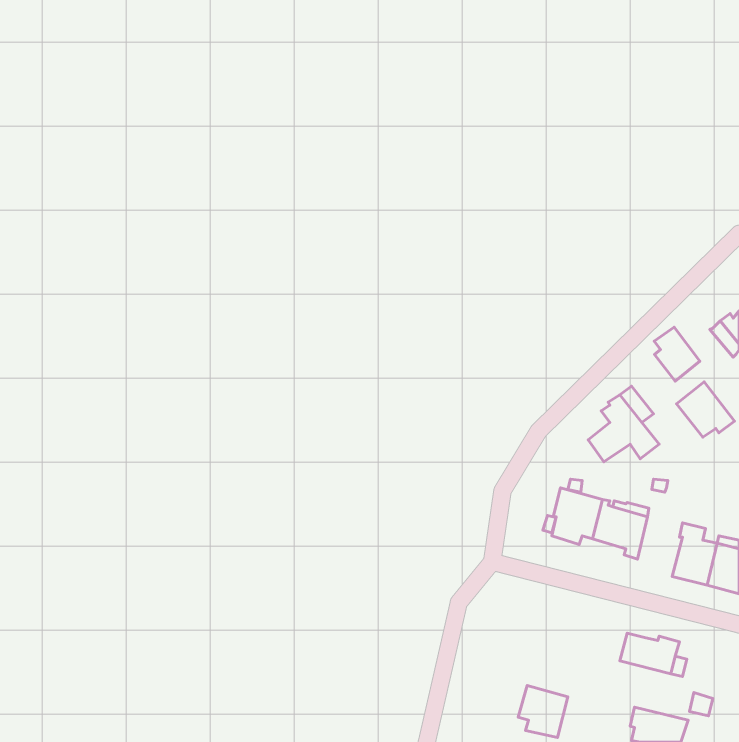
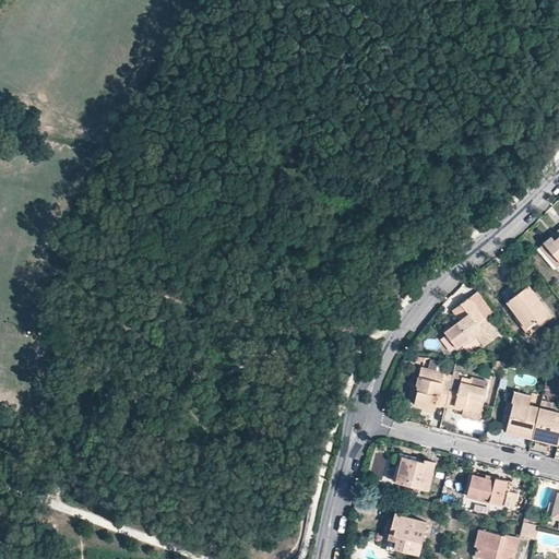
building: [654,327,700,381] -> none
building: none -> [397,460,436,491]

